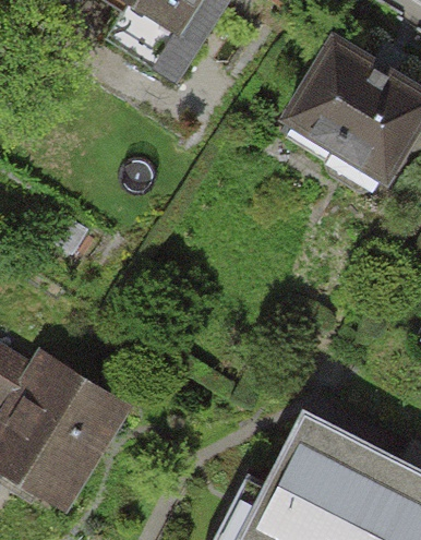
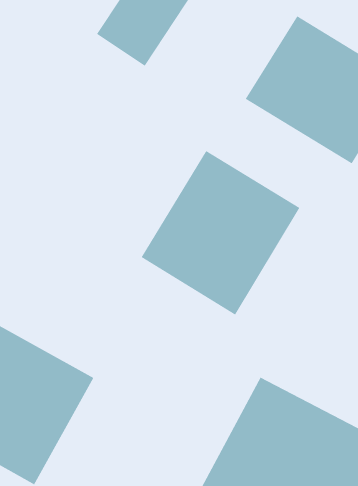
building: none -> [141,150,300,316]

